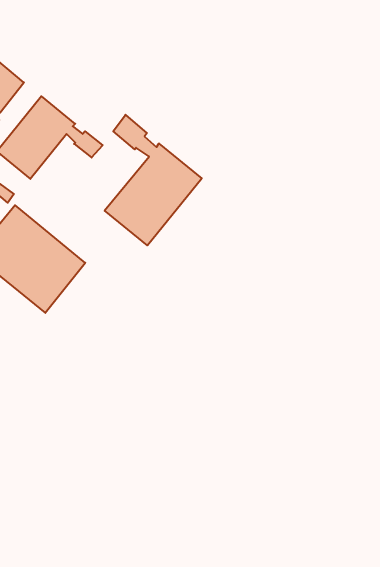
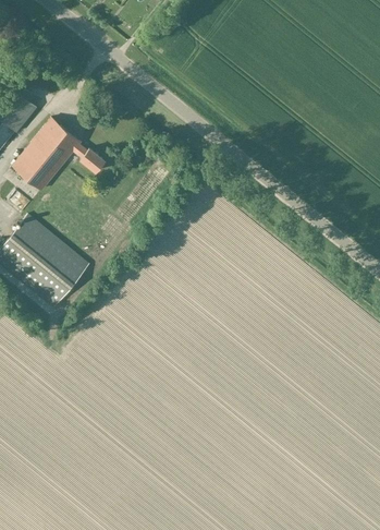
building: [105,115,202,245] -> none

